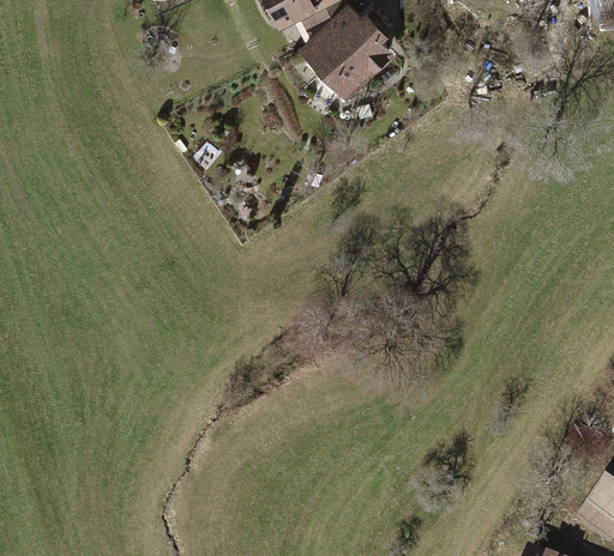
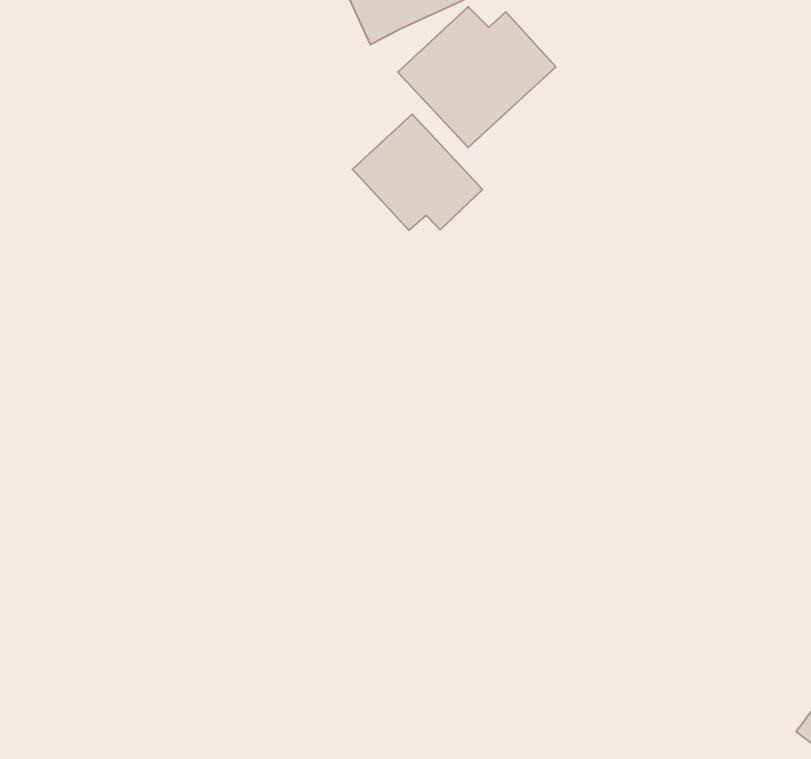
building: none -> [352,114,482,230]

